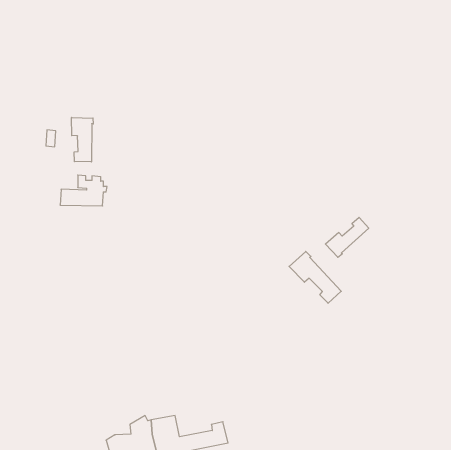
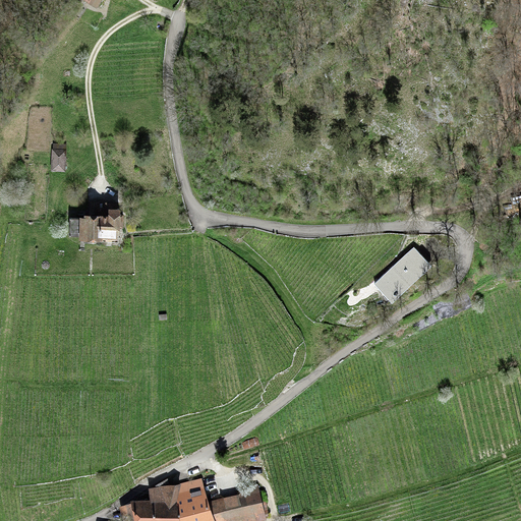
building: [72,117,93,162] -> none
building: [289,251,341,303] -> none

